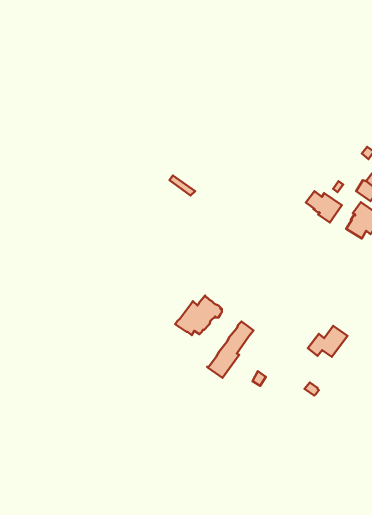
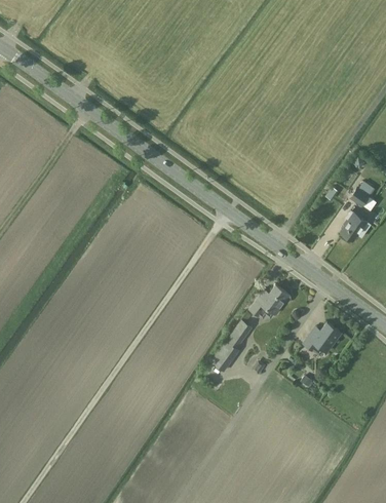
building: [306,191,342,222] -> none
building: [175,295,222,335] -> [248,283,292,320]

